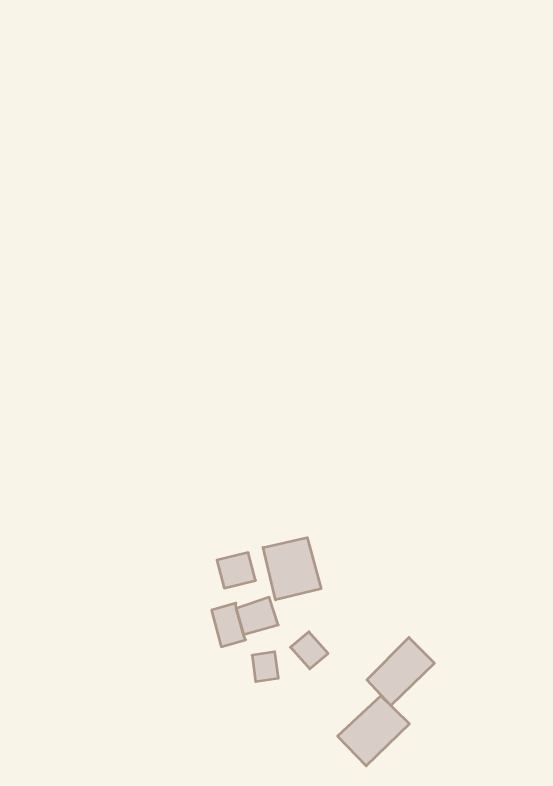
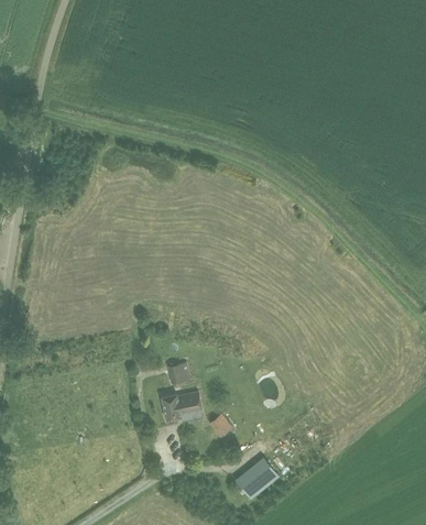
building: [263,538,321,600] -> none
building: [367,637,434,706] -> none

